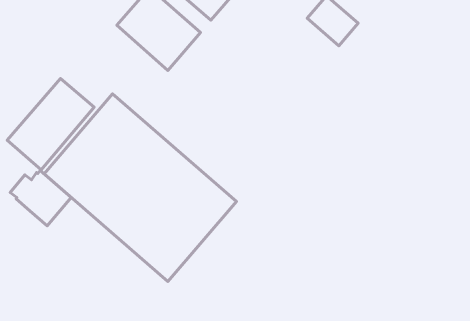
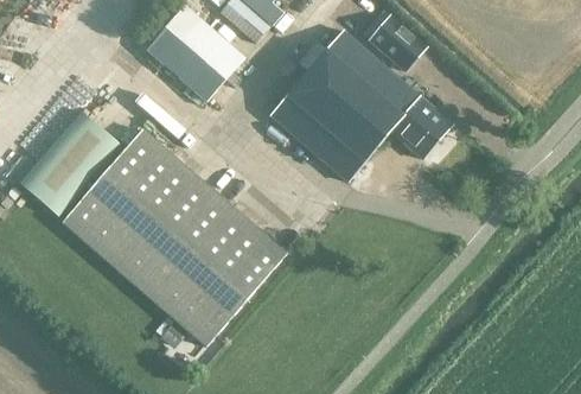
building: none -> [270,30,452,179]
building: [10,170,71,226] -> none

